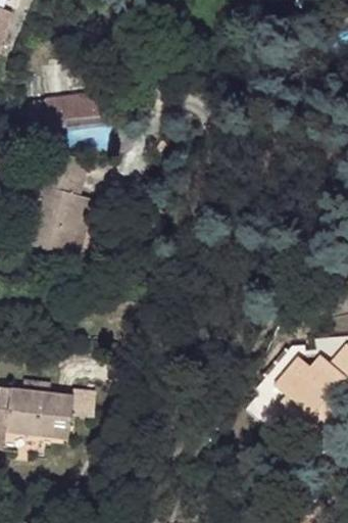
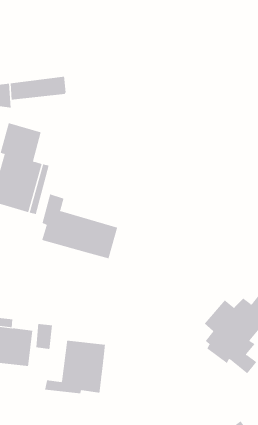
building: none -> [41,193,118,259]
building: none -> [45,340,106,394]

